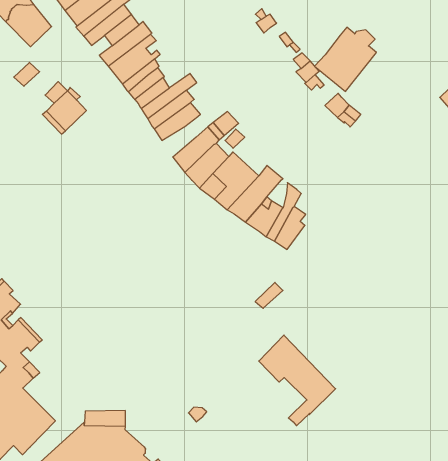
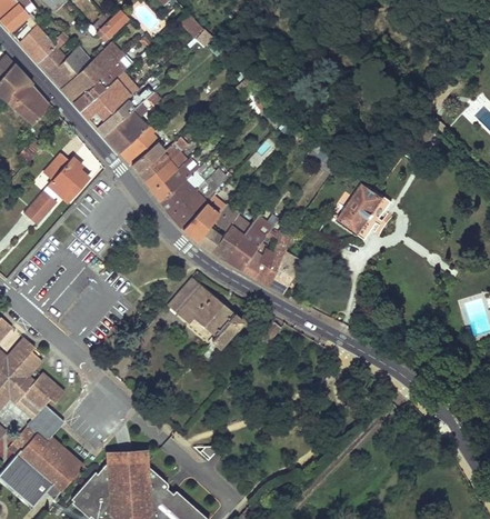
building: [315,27,376,91] -> [337,181,392,240]
building: none -> [159,162,206,214]
building: none -> [23,190,56,223]
building: [259,335,336,426] -> [169,278,241,360]

